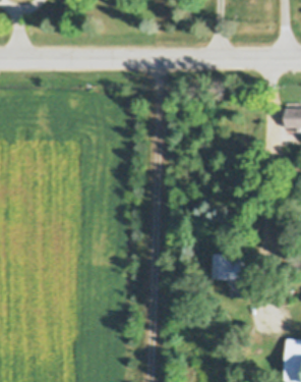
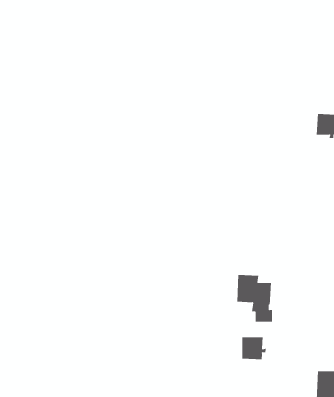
building: none -> [242,336,266,360]

